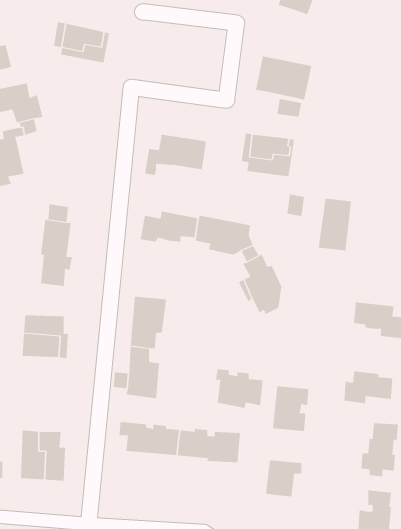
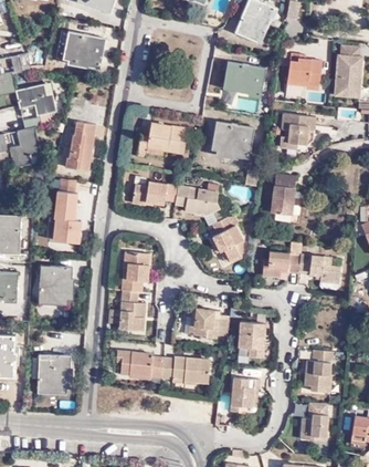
building: none -> [287,59,323,86]
building: none -> [277,113,315,147]
building: none -> [67,122,96,169]
building: [344,371,393,404] -> [260,252,298,278]

